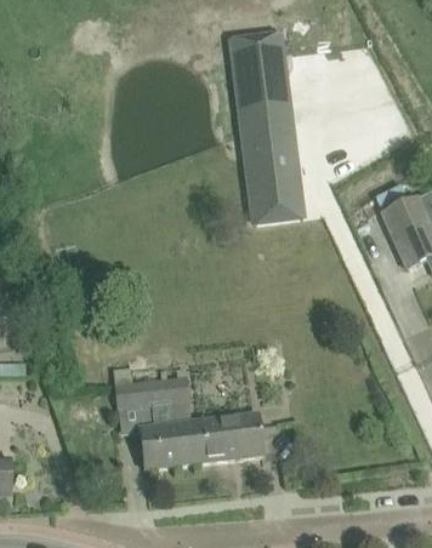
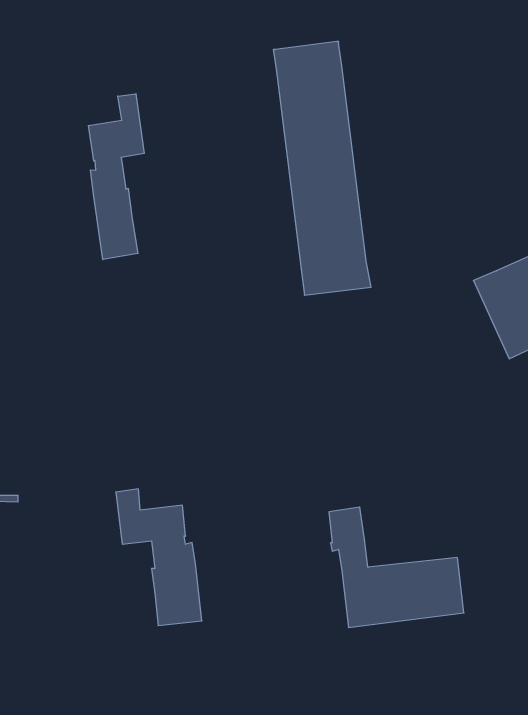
building: none -> [88,94,144,260]
building: [163,375,263,464] -> [329,507,464,628]

